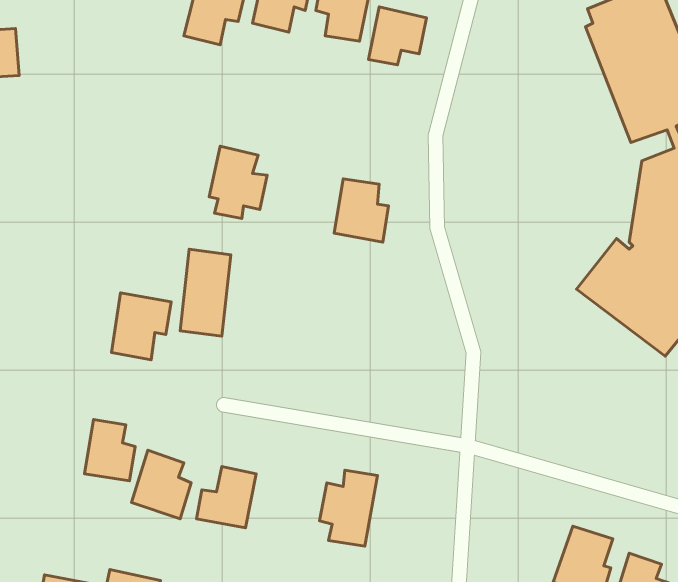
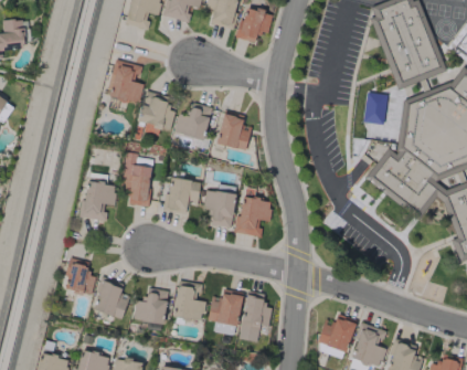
building: none -> [108,61,144,104]
building: none -> [174,104,212,140]
building: none -> [167,179,200,212]
building: none -> [203,191,235,228]
building: none -> [236,198,272,236]
building: none -> [173,285,204,321]
building: none -> [240,292,272,342]
building: none -> [318,315,357,352]

